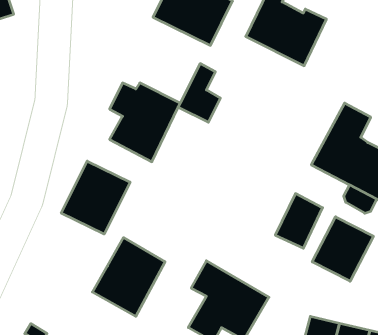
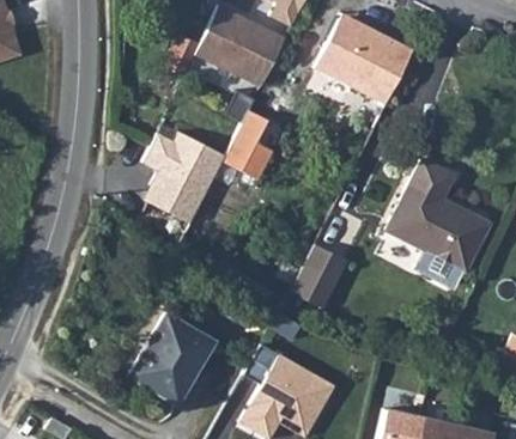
building: [61,161,130,234] -> none
building: [275,194,323,248] -> [290,244,346,309]
building: [312,217,373,281] -> none

